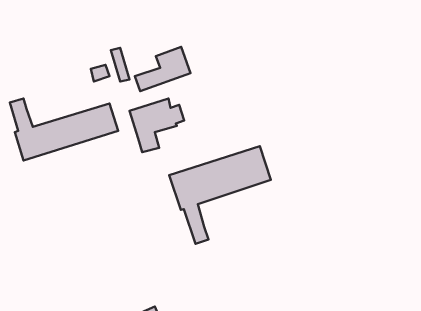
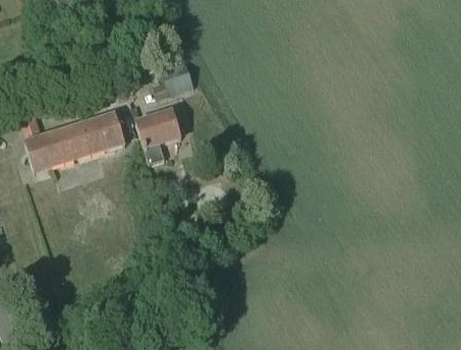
building: [169,146,271,244] -> none

